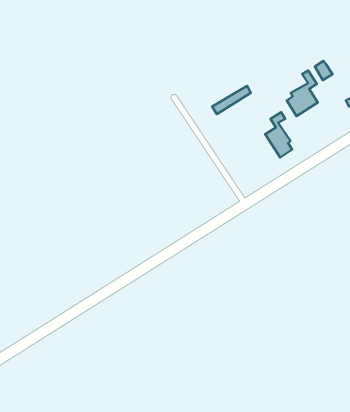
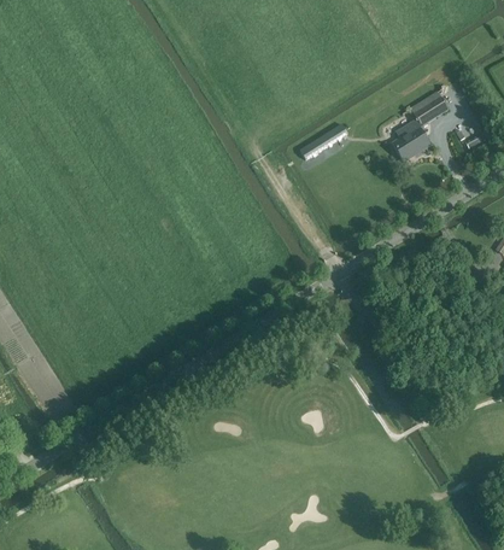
building: [265,112,292,157] -> none

